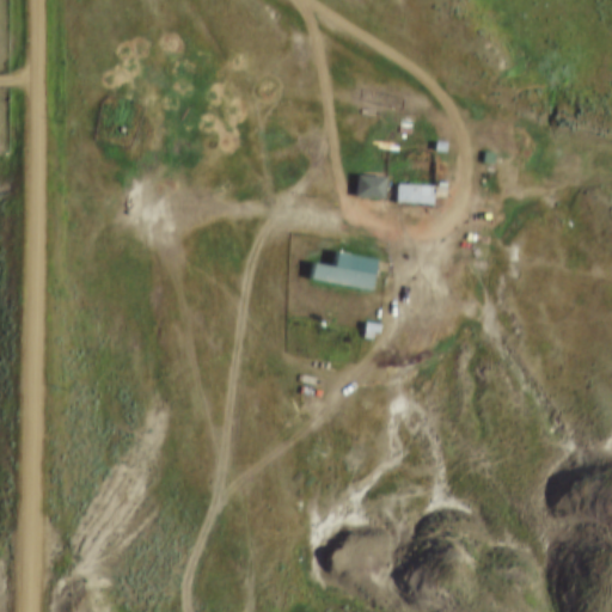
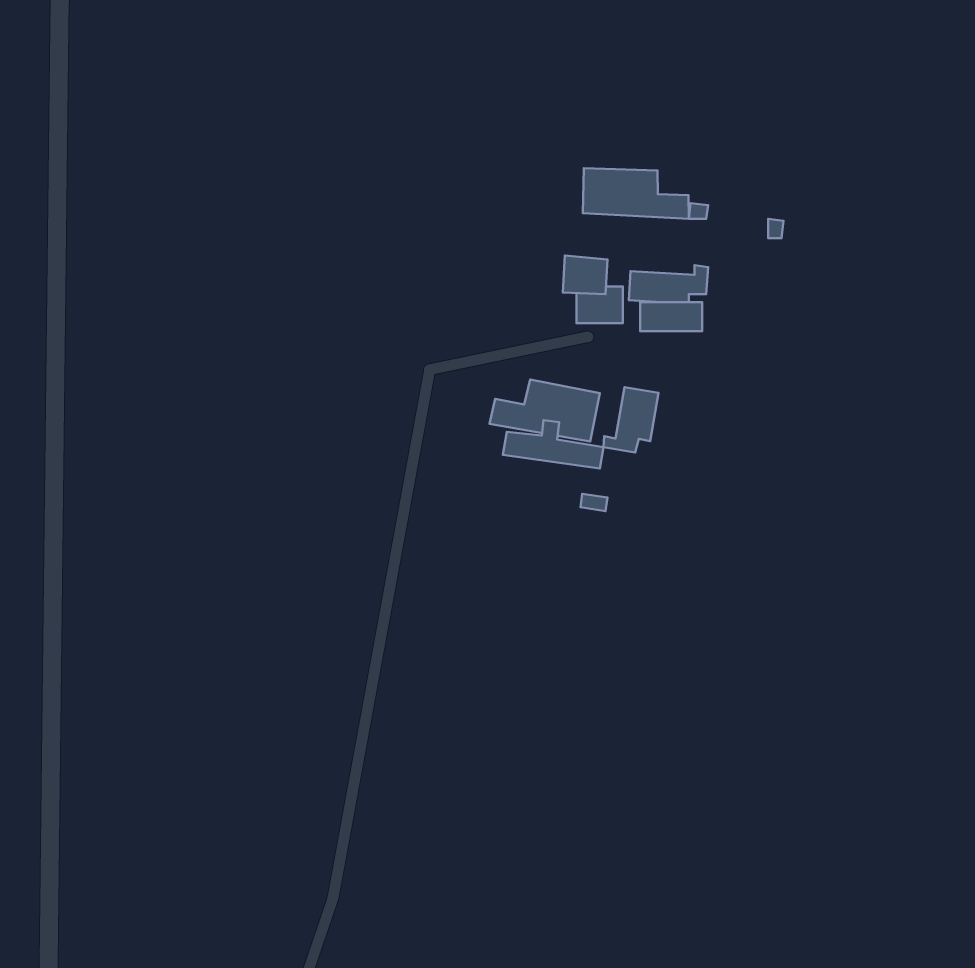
building: none -> [583,168,689,219]
building: none -> [604,387,658,453]

